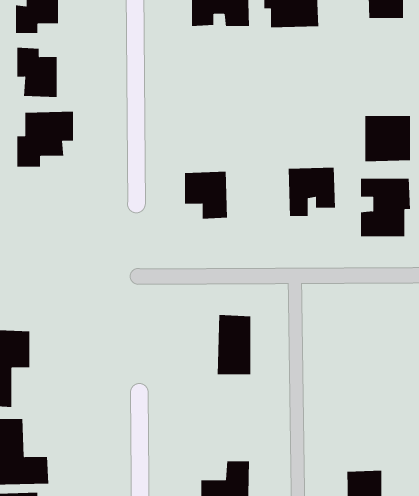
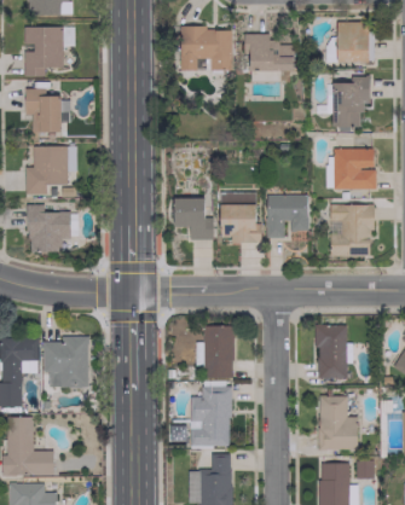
building: none -> [332,75,370,127]
building: none -> [220,192,261,243]
building: none -> [28,211,71,251]
building: none -> [314,325,352,378]
building: none -> [42,338,88,387]
building: none -> [190,385,231,446]
building: none -> [318,396,358,449]

